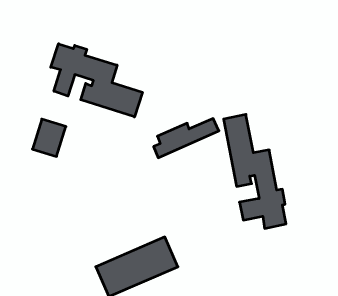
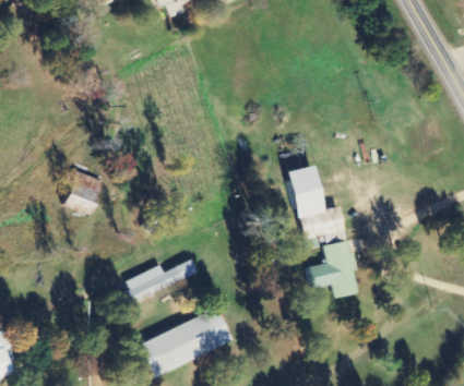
building: [51,44,142,117] -> none
building: [154,119,219,158] -> [121,258,198,304]

